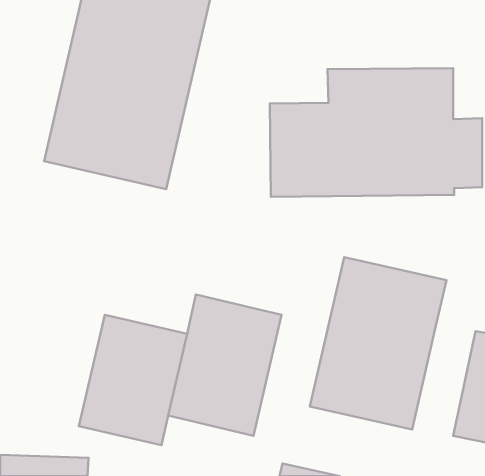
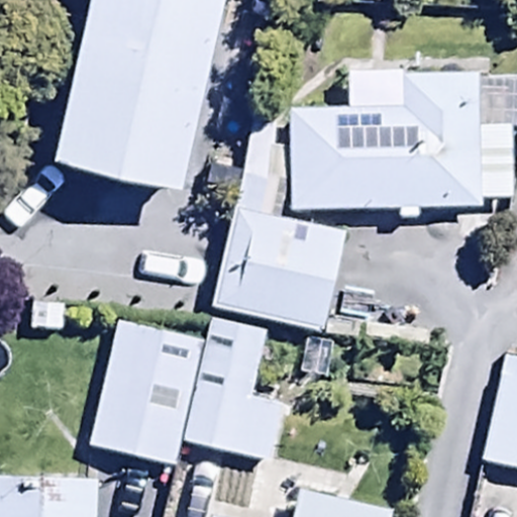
building: none -> [213,202,343,328]
building: [310,257,447,429] -> none

